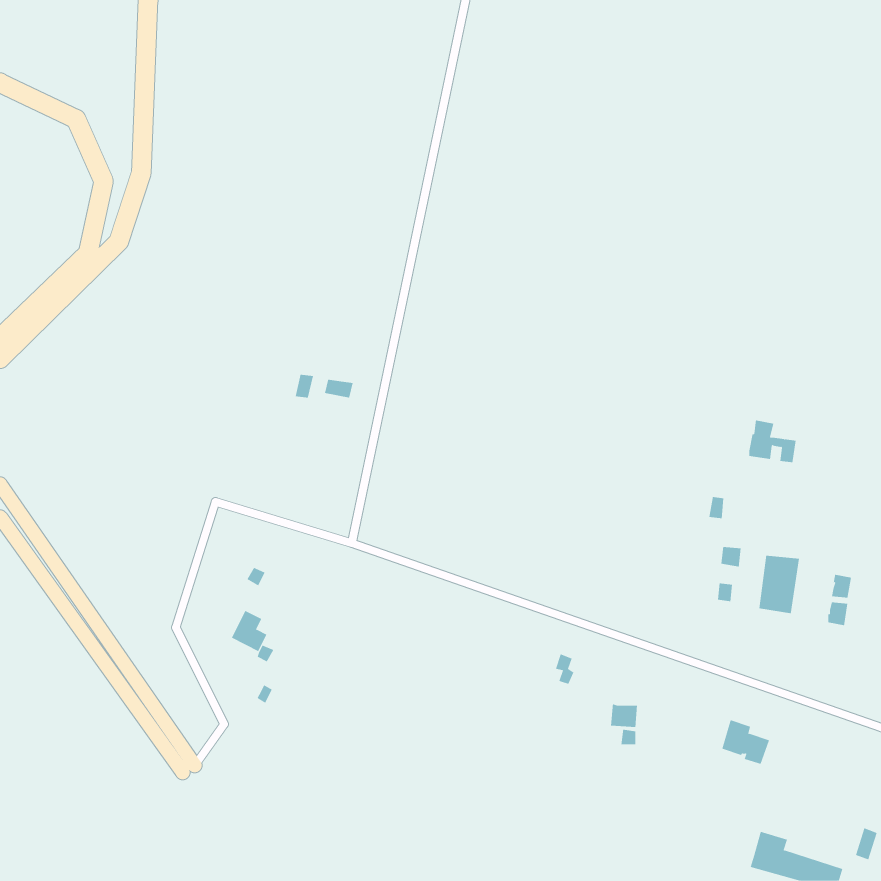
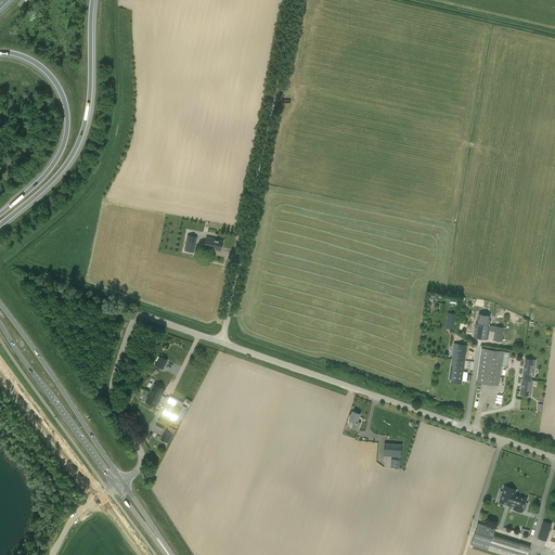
building: [748,420,797,463] -> [474,314,504,341]
building: [721,720,770,764] -> [496,486,527,514]

